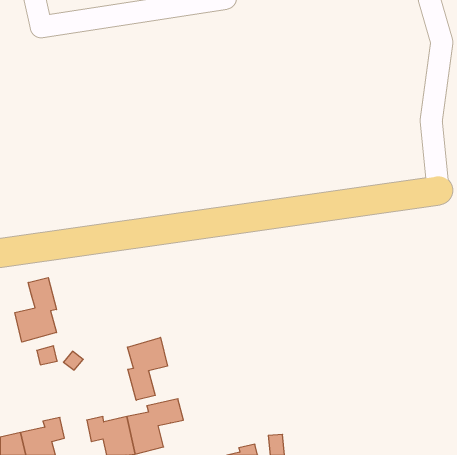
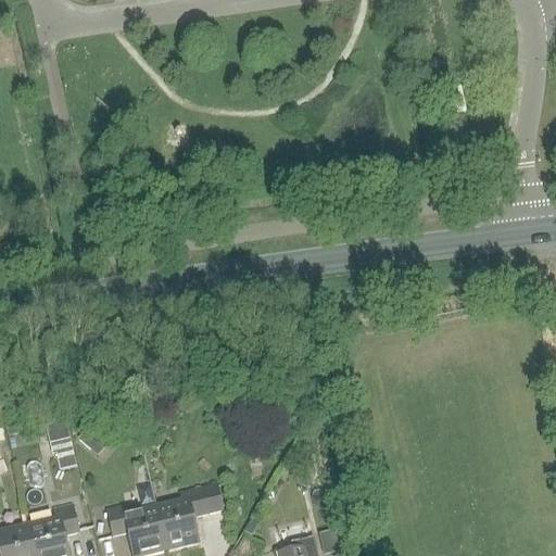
building: [15,278,56,342] -> none
building: [127,337,167,400] -> none

